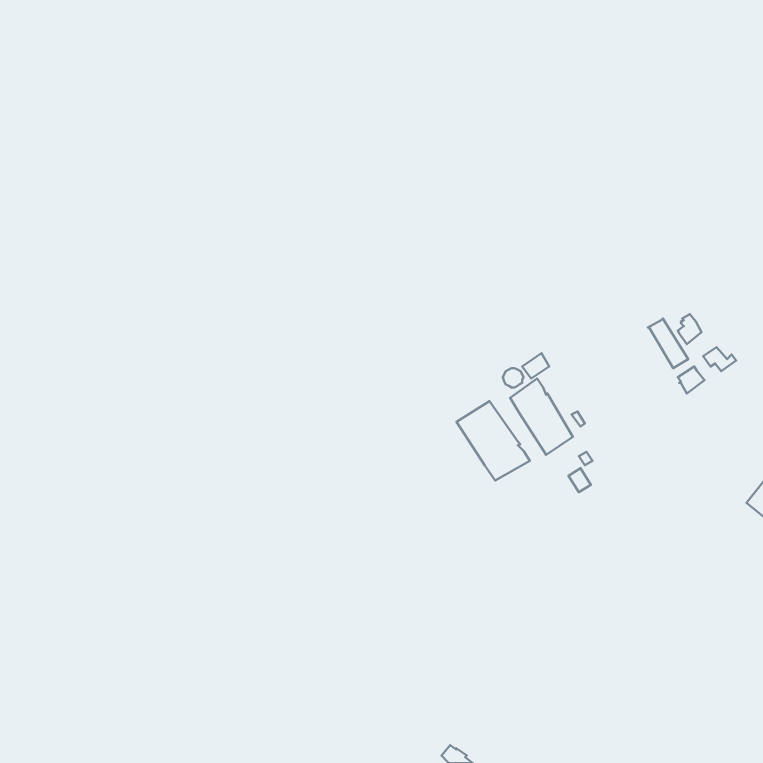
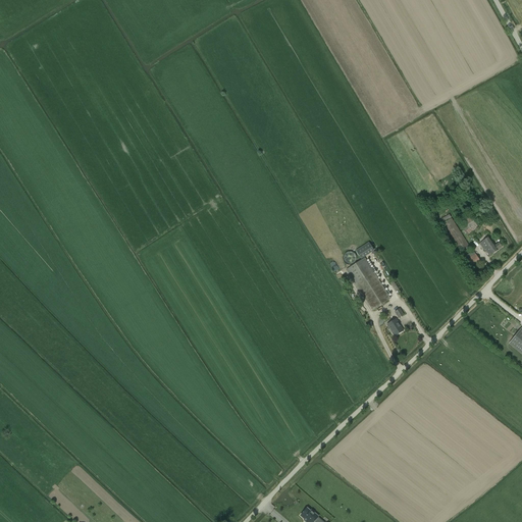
building: [457,401,530,481] -> none

